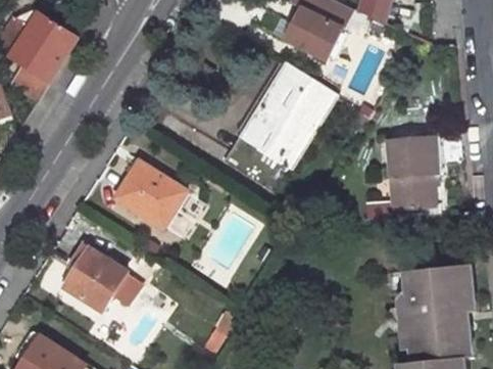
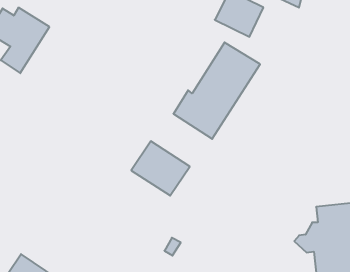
building: [382,136,431,211] -> none
building: [116,160,190,229] -> [131,141,190,196]
building: [63,246,128,309] -> none

